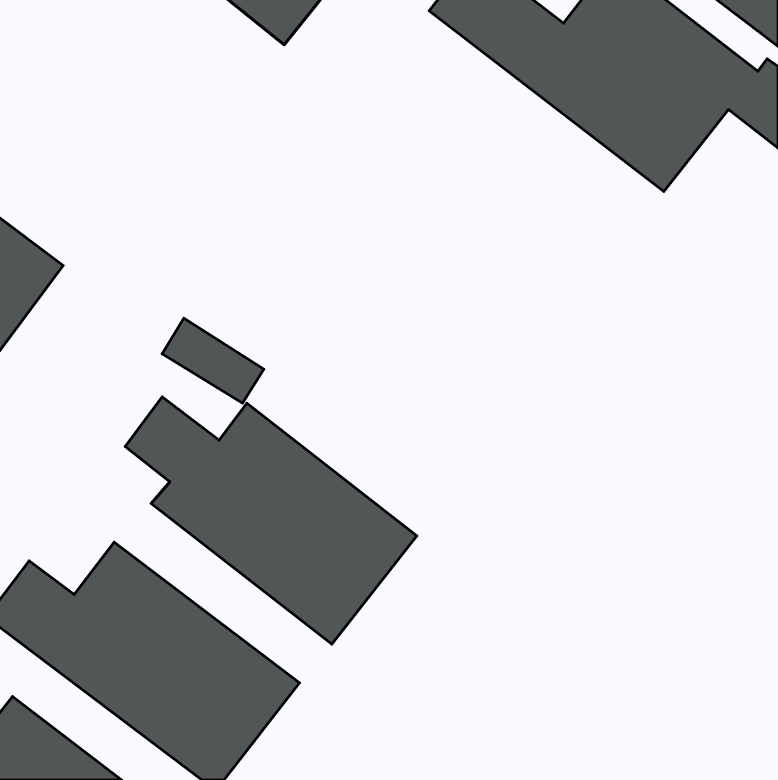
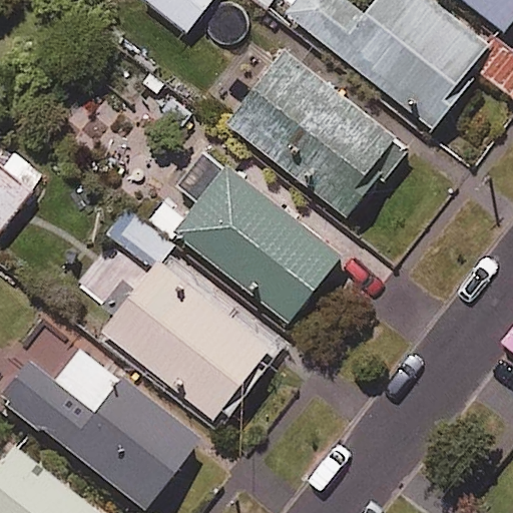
building: none -> [229,51,403,213]
building: none -> [144,163,343,323]

